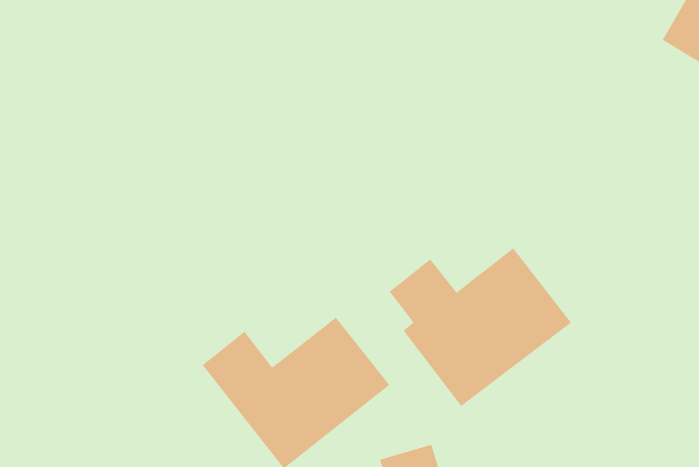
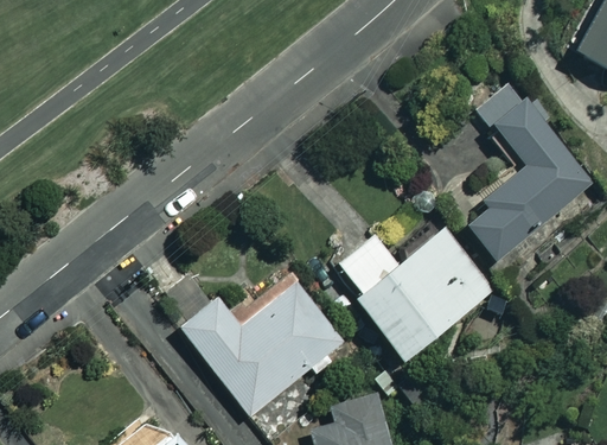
building: none -> [467,83,594,261]

